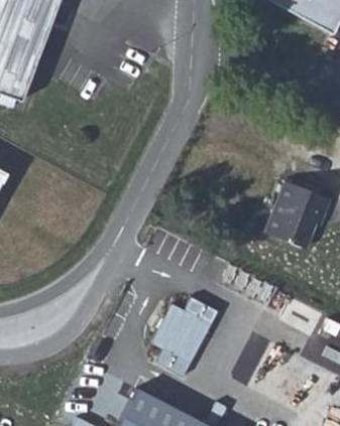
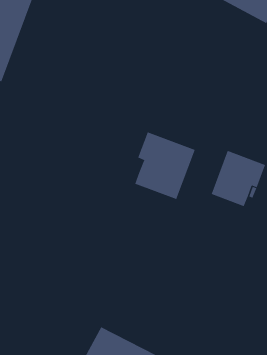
building: none -> [135,131,196,200]
building: [152,296,219,376] -> none

